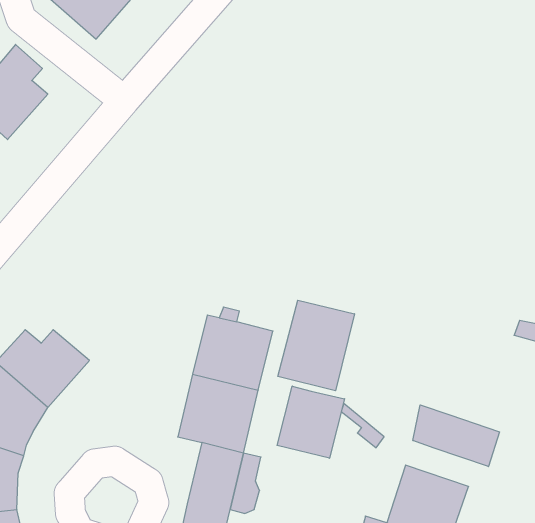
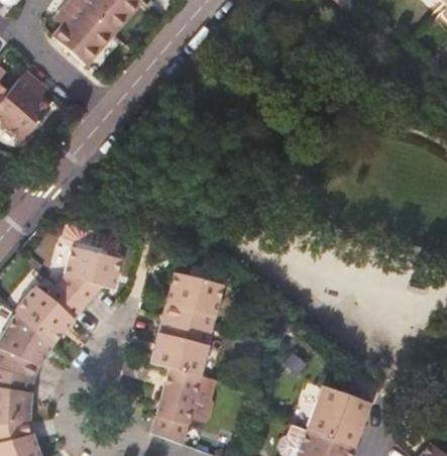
building: none -> [57,224,122,308]
building: [278,300,354,391] -> none
building: [277,386,345,458] -> none
building: [413,405,500,467] -> none

